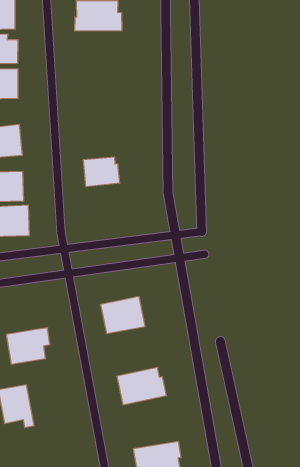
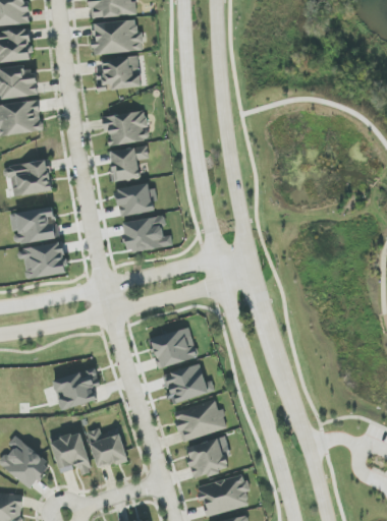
building: none -> [97,57,141,90]
building: none -> [102,111,150,146]
building: none -> [109,146,149,182]
building: none -> [122,216,173,253]
building: none -> [163,364,208,403]
building: none -> [87,427,127,469]
building: none -> [187,439,228,479]

